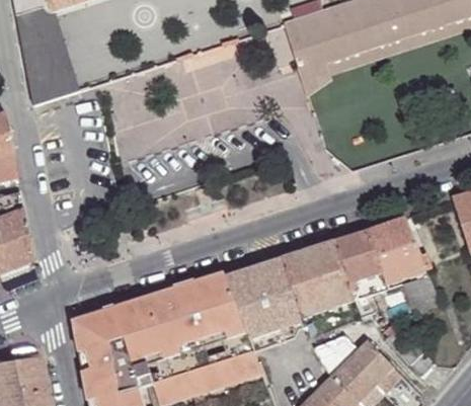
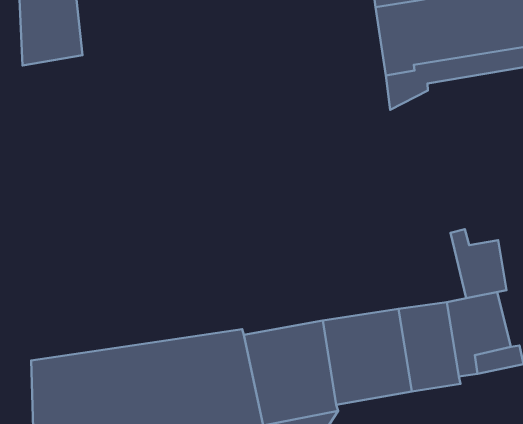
building: none -> [451,229,506,298]

